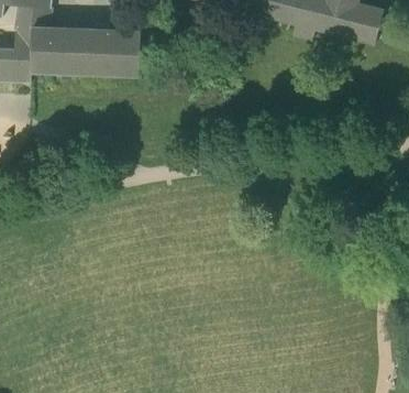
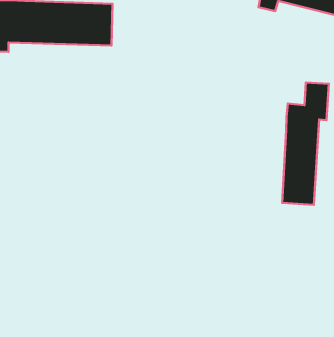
building: none -> [282,83,329,205]

